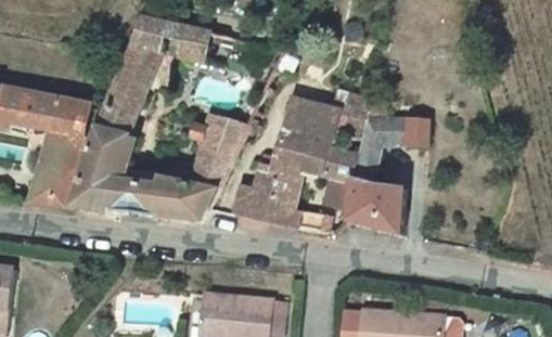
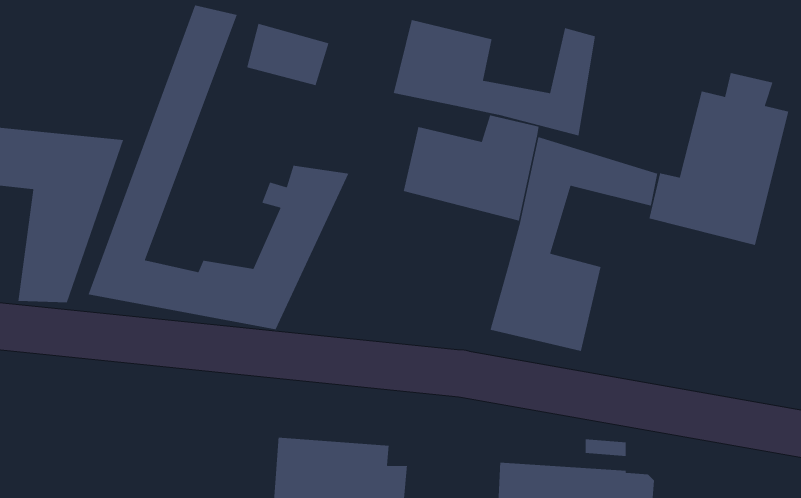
building: none -> [393,19,596,137]
building: none -> [648,72,789,246]
building: [231,134,357,232] -> none

